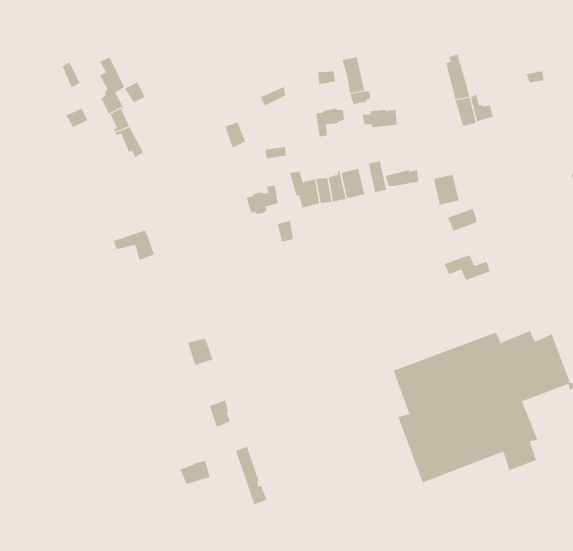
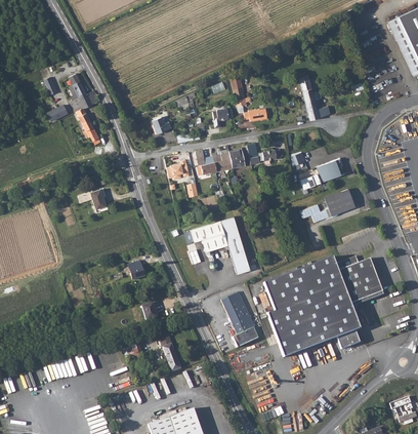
building: none -> [319,157,345,181]
building: none -> [325,188,356,215]
building: none -> [191,216,250,274]
building: none -> [222,291,258,348]

